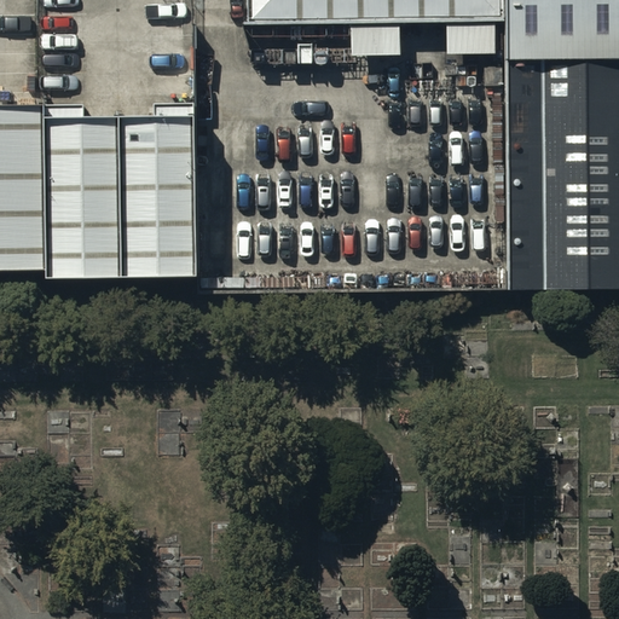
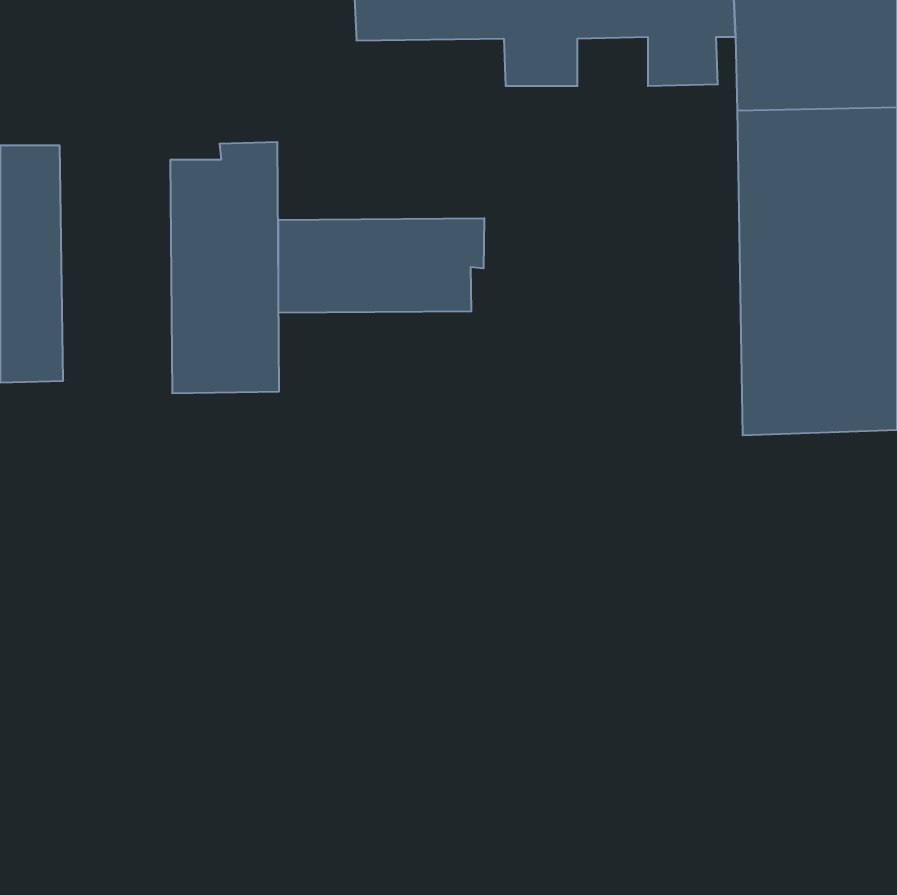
building: [41,99,118,272] -> none
building: none -> [279,218,484,313]

